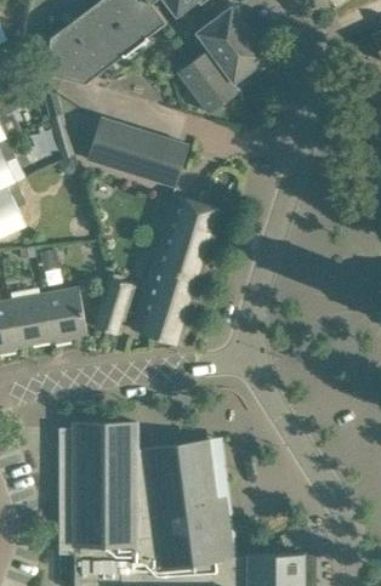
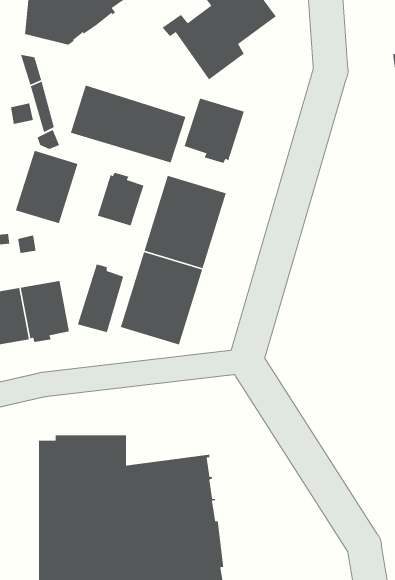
building: none -> [184,97,245,164]
building: none -> [15,150,79,224]
building: none -> [97,172,145,227]

